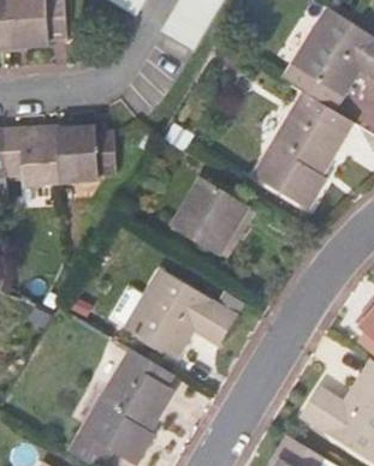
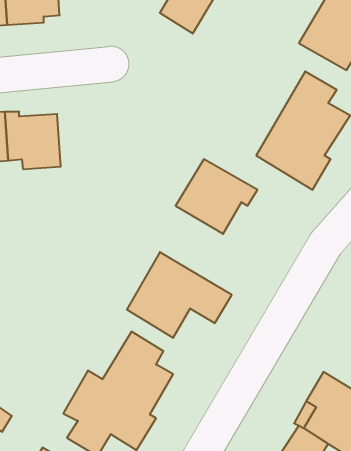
building: [58,131,114,185] -> none

